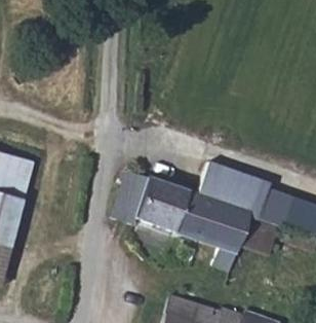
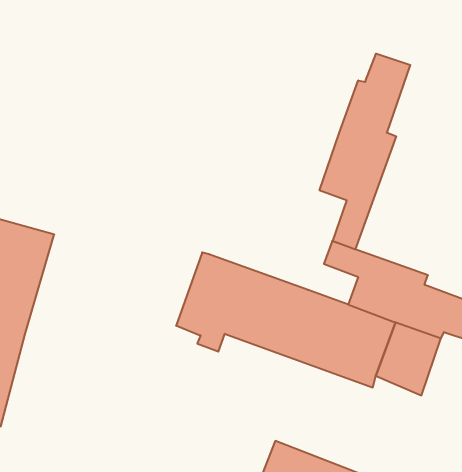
building: none -> [320,54,410,249]

